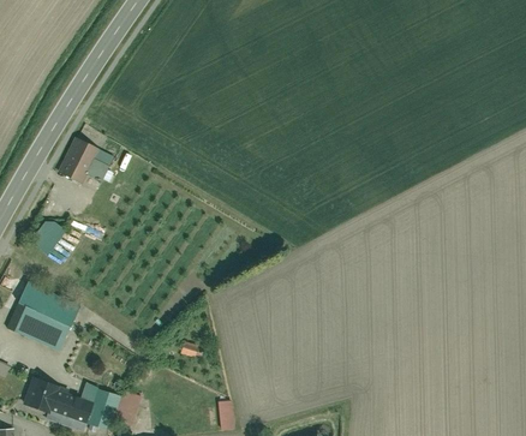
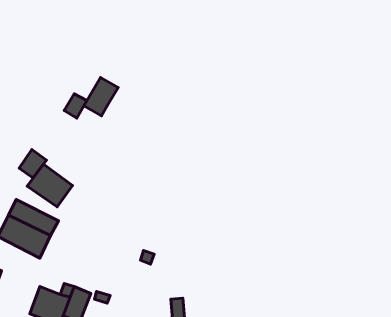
building: [58,135,100,181] -> [84,78,118,116]
building: none -> [27,164,73,207]
building: [24,377,56,412] -> none

